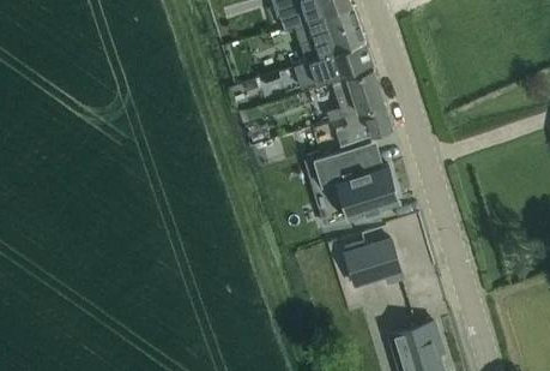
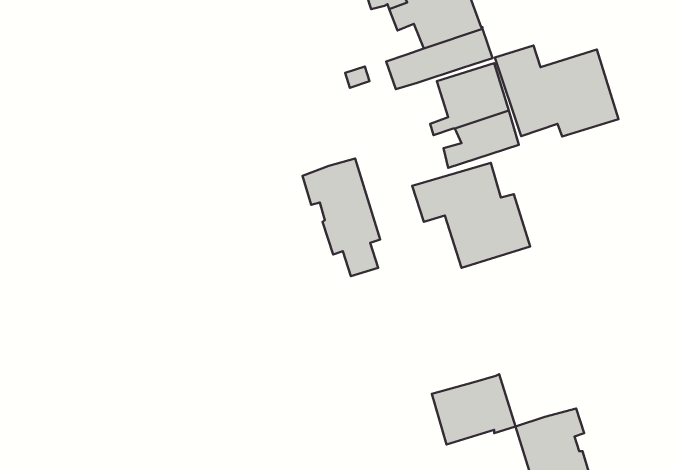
building: none -> [495,46,619,137]
building: none -> [303,159,380,276]
building: [343,238,404,289] -> [432,374,515,445]

